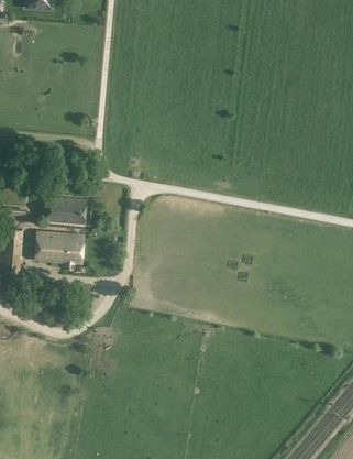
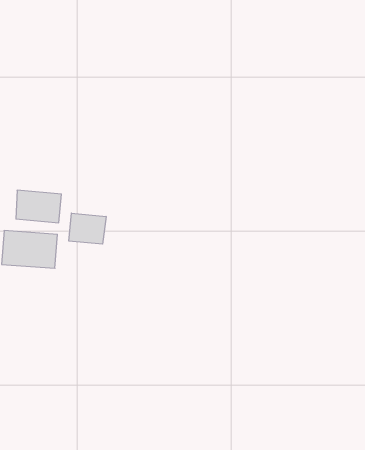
building: none -> [69,213,106,244]

